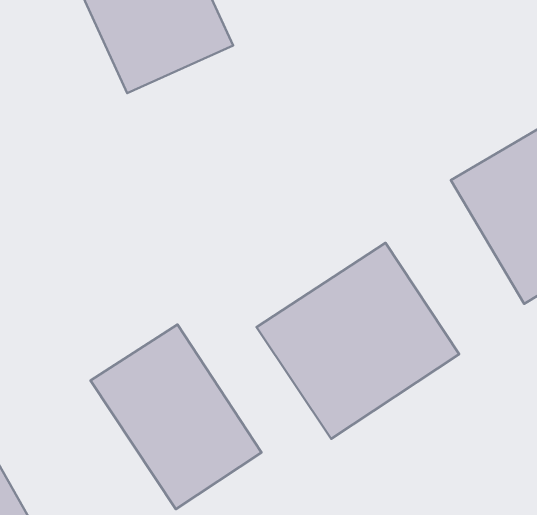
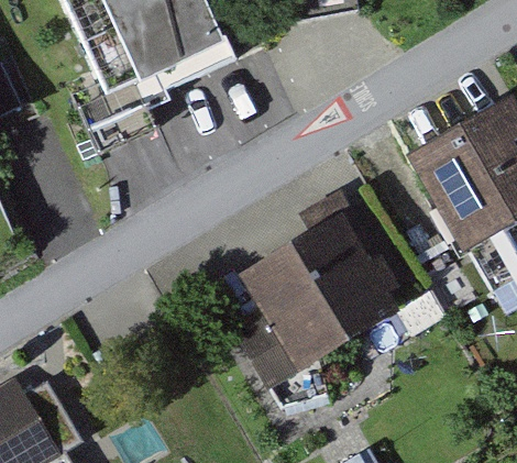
building: [91,325,262,509] -> none

